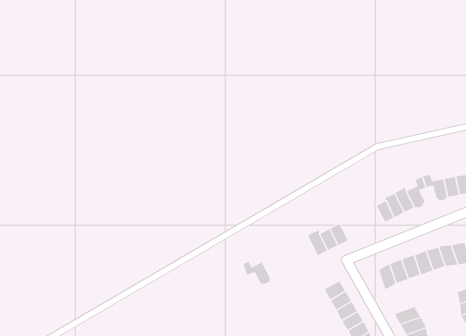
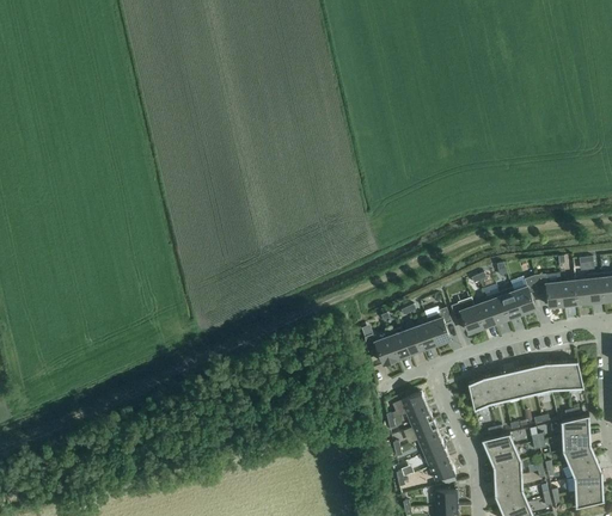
building: none -> [451,300,483,334]
building: none -> [426,308,451,346]
building: [243,261,272,285] -> [365,336,398,367]

